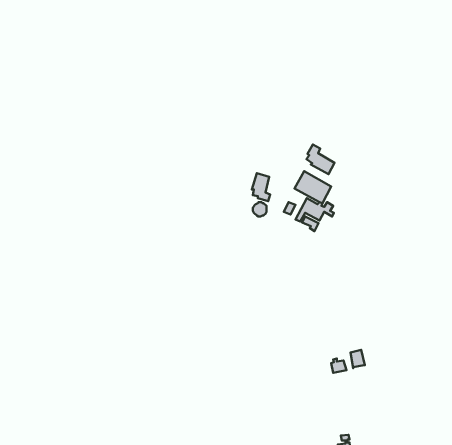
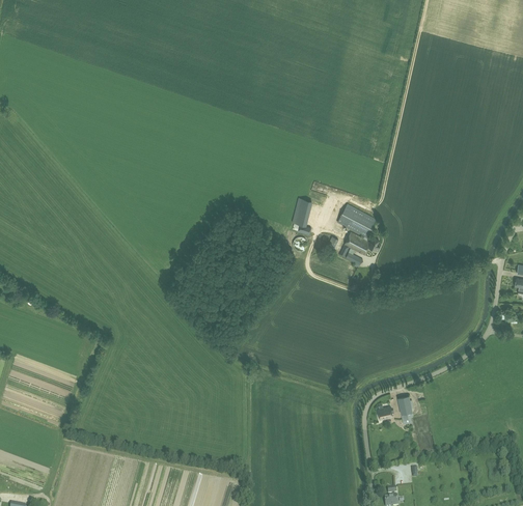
building: [306,145,335,174] -> none

